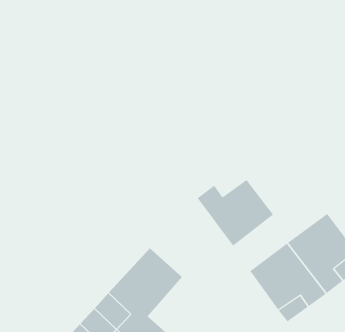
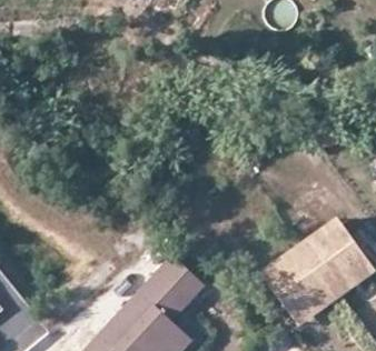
building: [197,179,274,247] -> none

